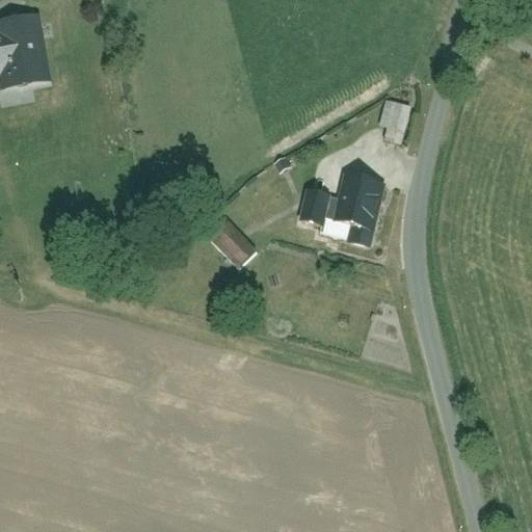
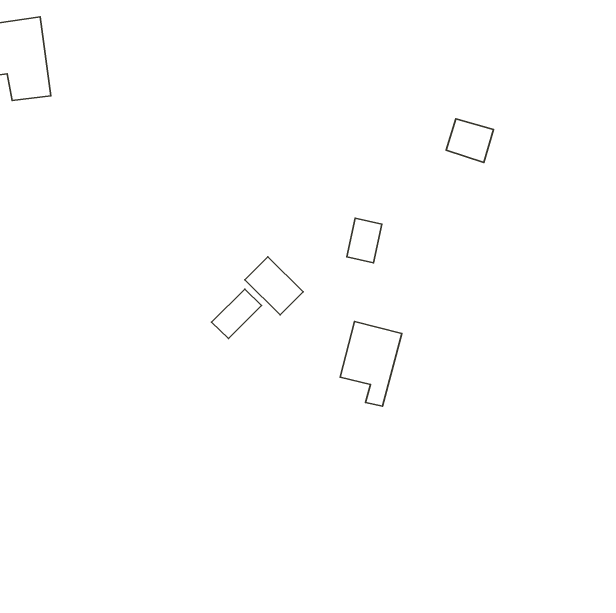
building: [330,174,383,246] -> [340,321,402,406]
building: none -> [212,289,262,339]

